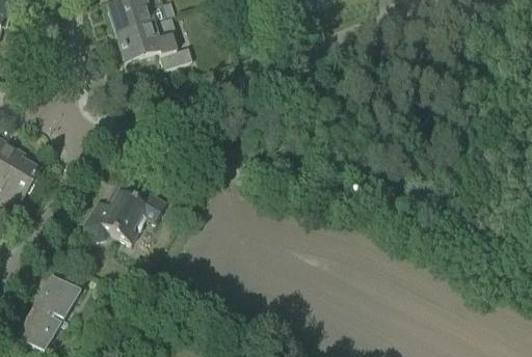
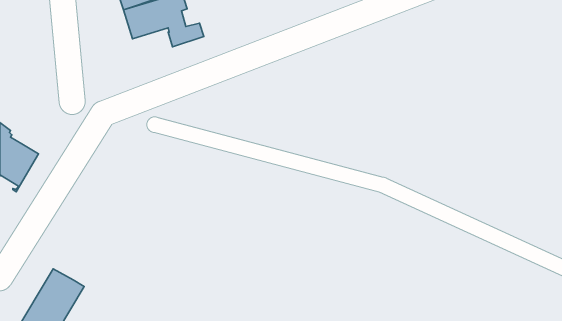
building: [83,173,166,242] -> none

